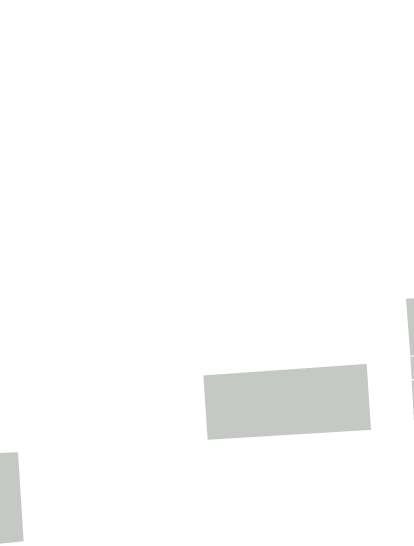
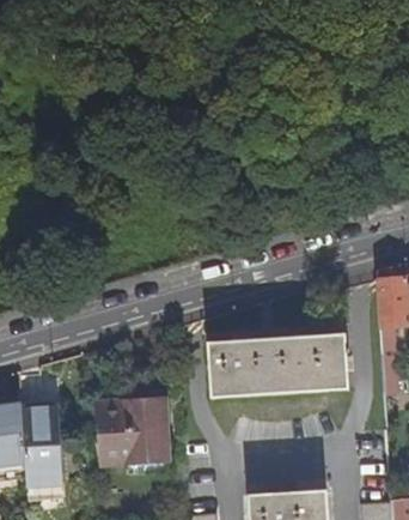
building: none -> [98,398,169,464]

